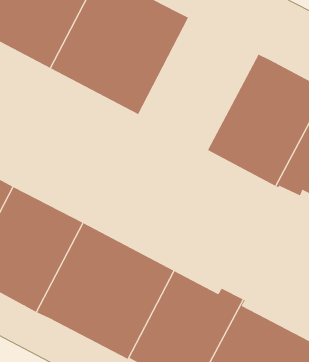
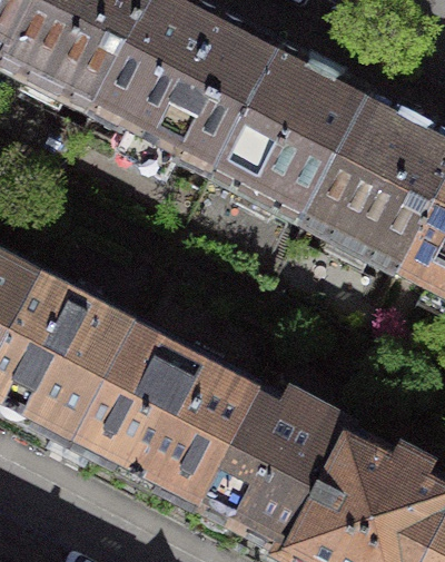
building: none -> [209,43,370,223]

